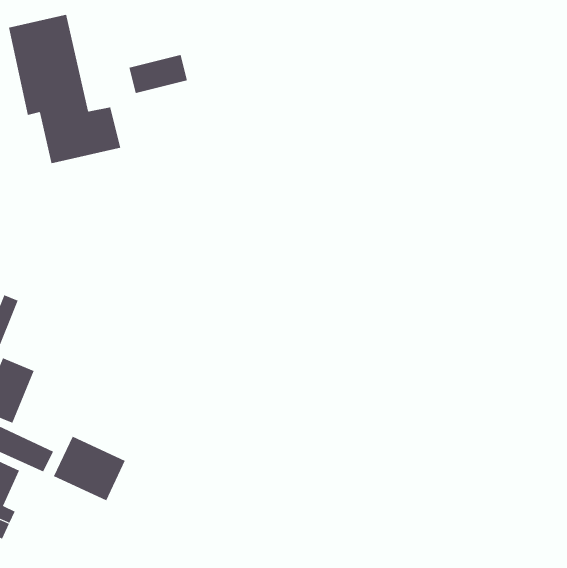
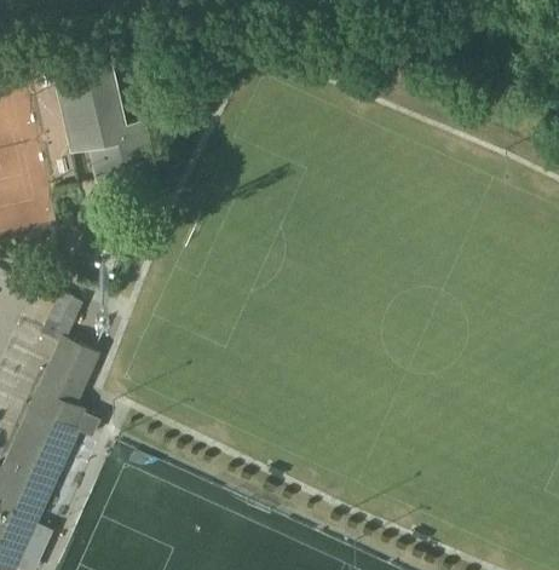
building: [129,54,187,94] -> none
building: [53,436,126,501] -> none

